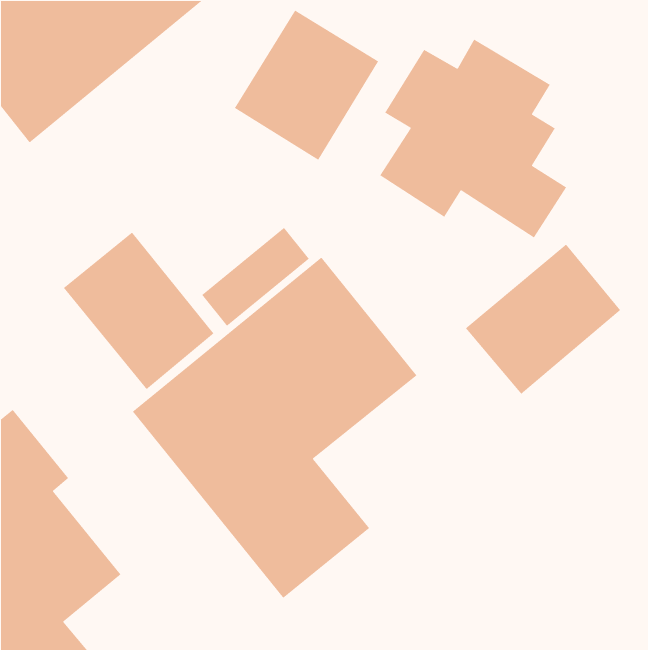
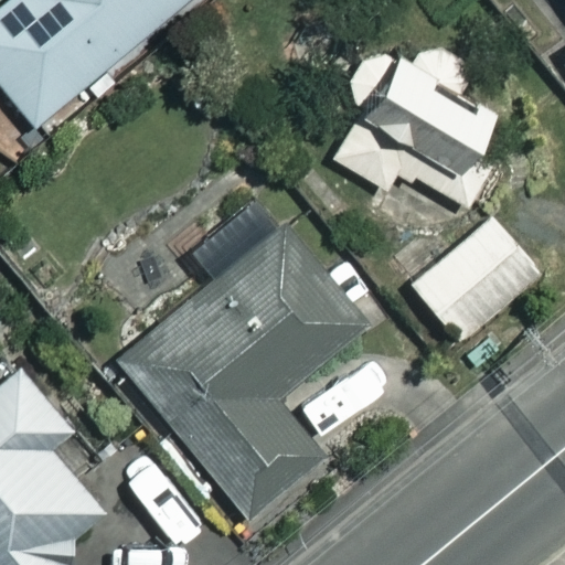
building: [234,10,379,161] -> none
building: [63,232,215,390] -> none

